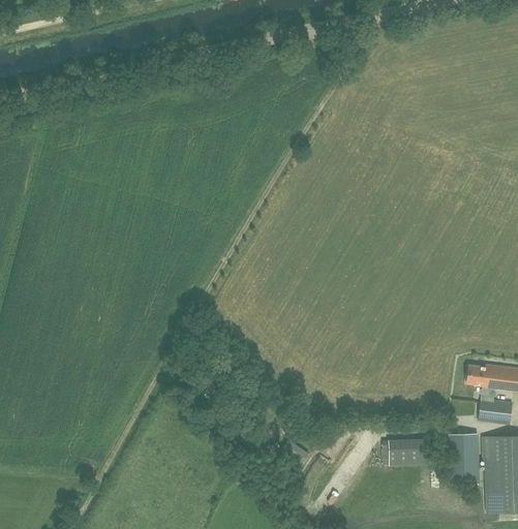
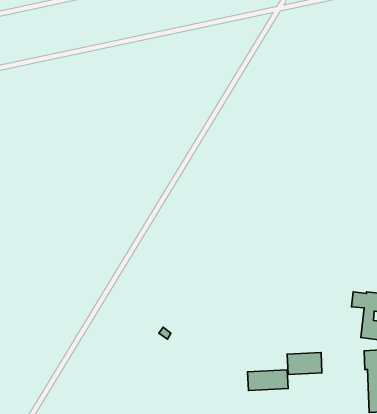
building: [449,433,479,483] -> none
building: none -> [247,370,288,391]

